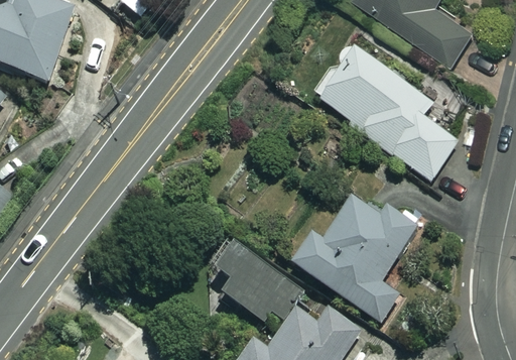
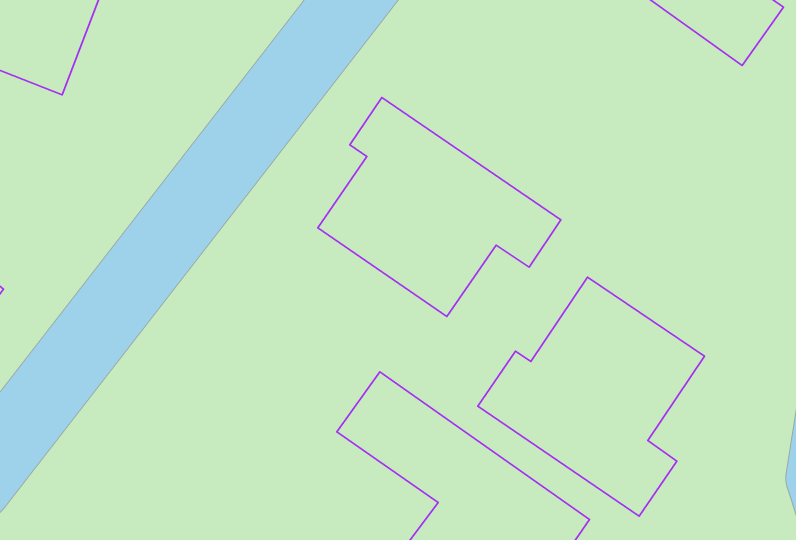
building: [311,43,457,178] -> none
building: none -> [318,98,561,316]

